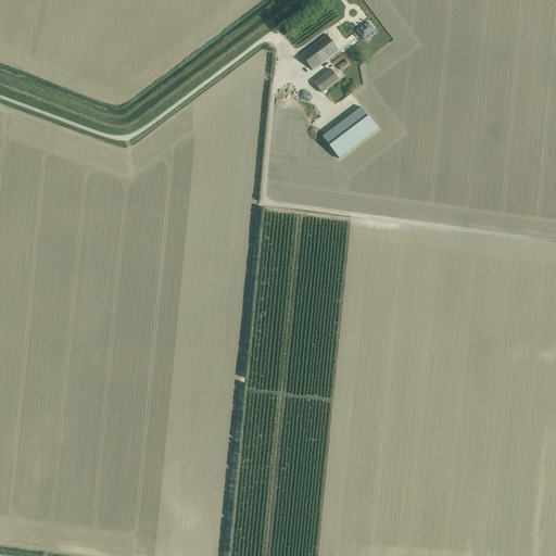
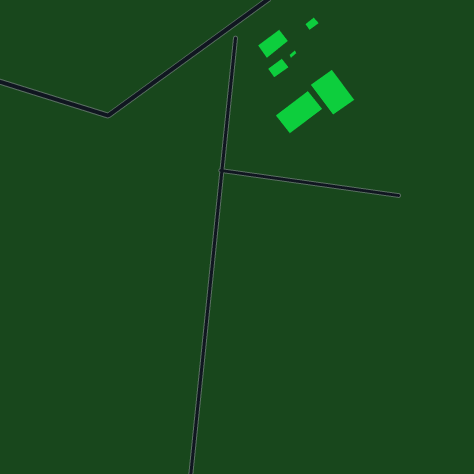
building: none -> [310,69,355,116]

